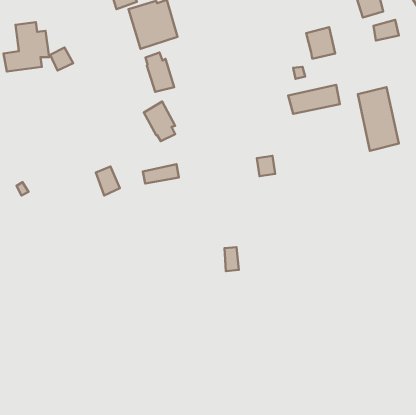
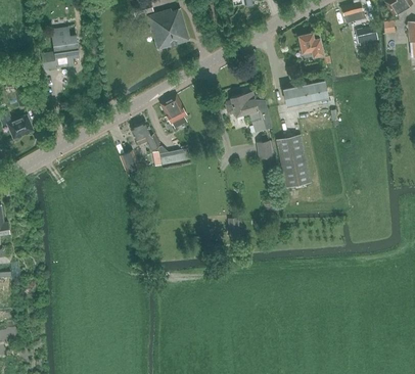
building: [145,52,174,92] -> none
building: [358,87,399,151] -> [276,134,311,188]
building: none -> [225,92,273,133]
building: none -> [131,122,158,151]

